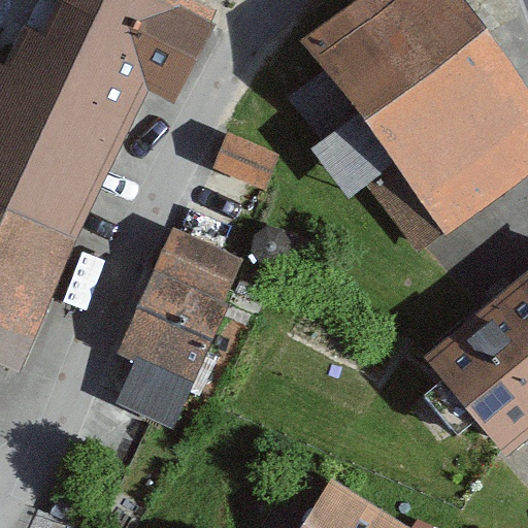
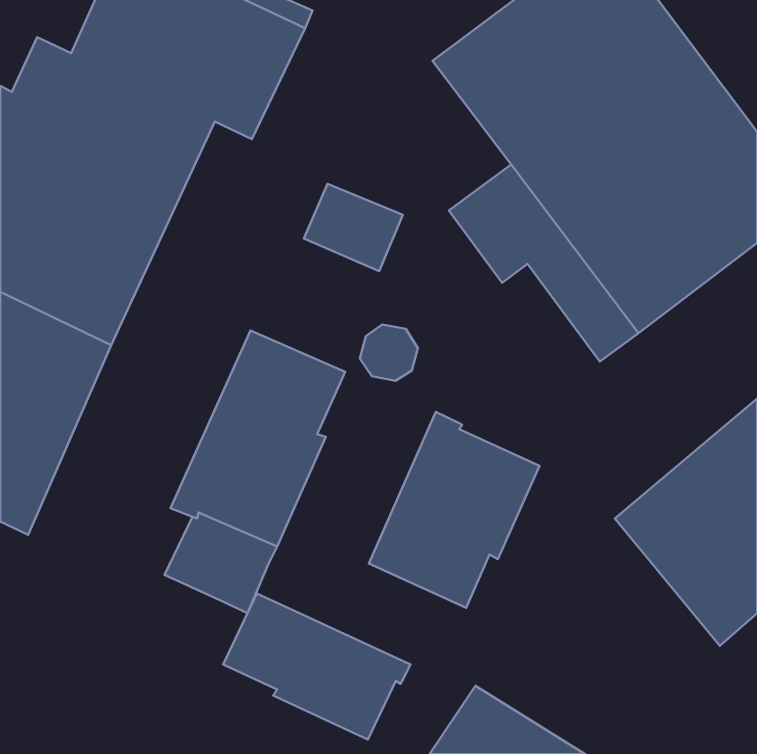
building: none -> [369,412,540,608]
building: none -> [223,594,411,739]

